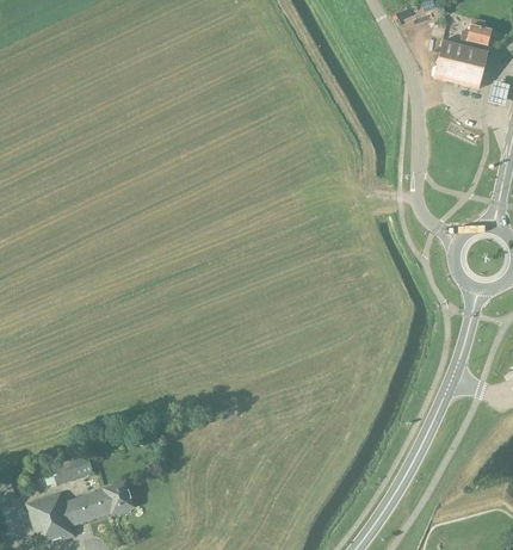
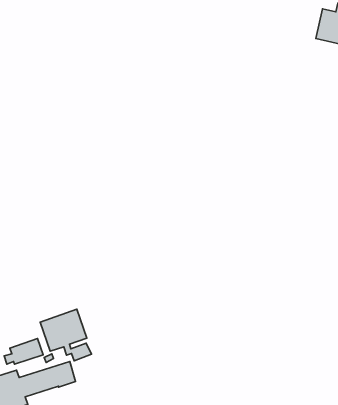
building: none -> [40,309,91,361]

